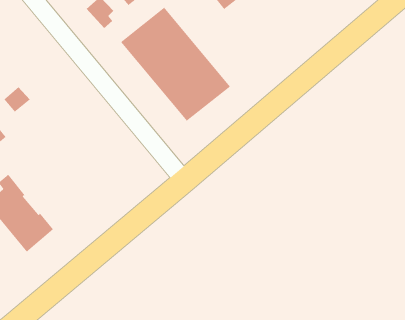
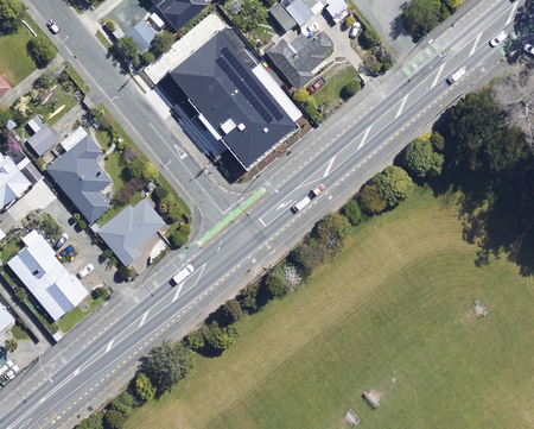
building: none -> [267,30,336,89]
building: none -> [46,134,109,221]
building: none -> [97,193,167,265]

